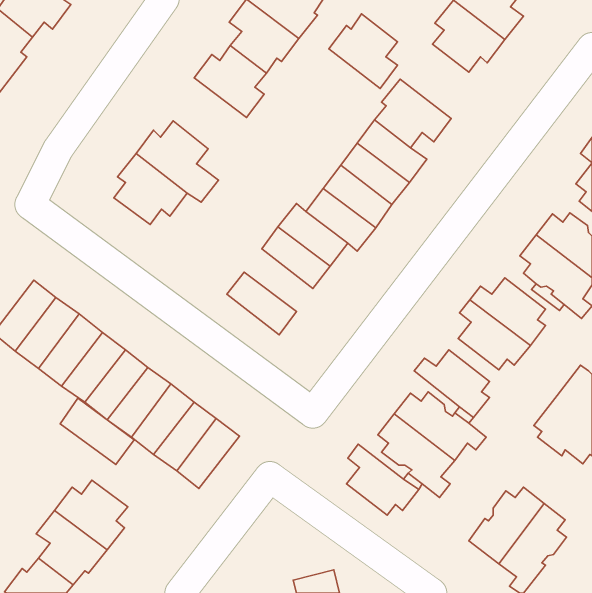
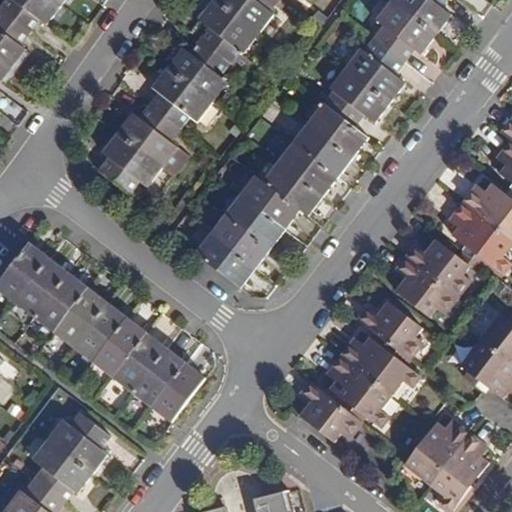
building: [329,14,398,88] -> [344,38,403,102]
building: none -> [149,67,212,128]
building: none -> [210,214,269,268]
building: [60,398,134,464] -> none

